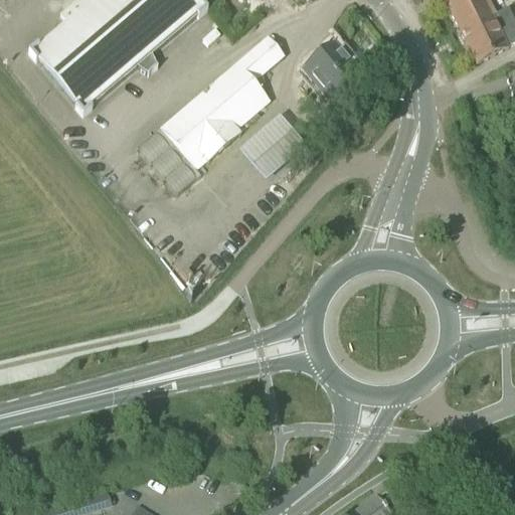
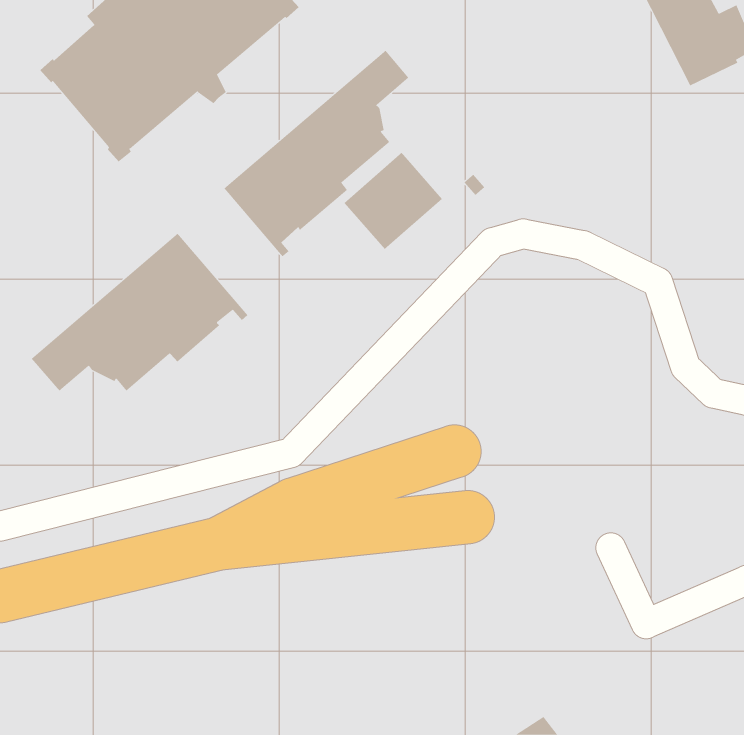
building: [303,38,362,98] -> none
building: none -> [31,233,248,392]

